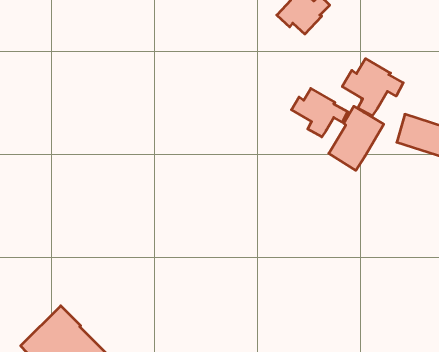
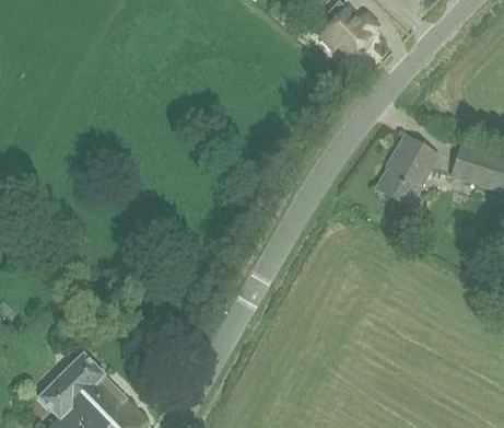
building: [342,59,403,116] -> none
building: [291,88,348,137] -> none

